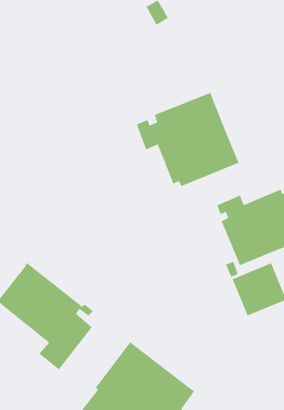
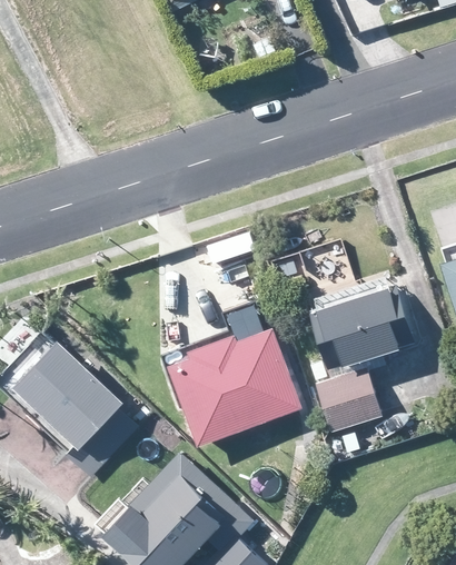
building: [136,92,239,187] -> none
building: none -> [170,329,301,445]

